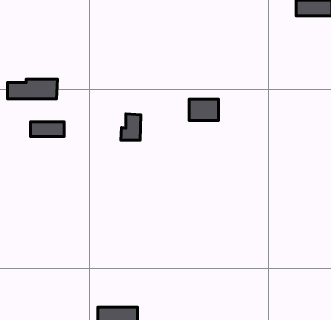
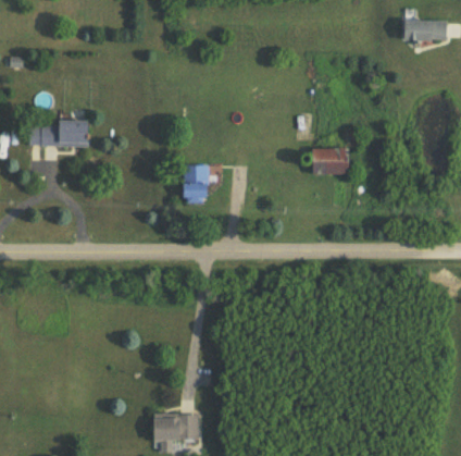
building: [189,99,219,120] -> [312,147,350,174]
building: [31,122,64,136] -> none

